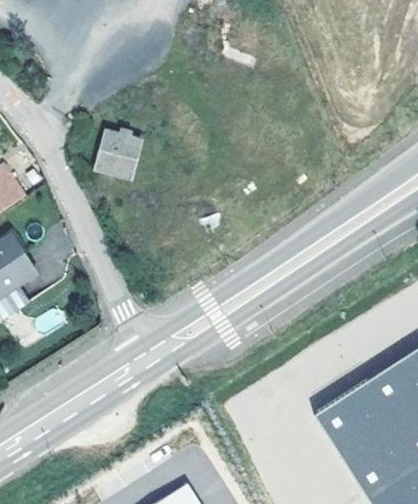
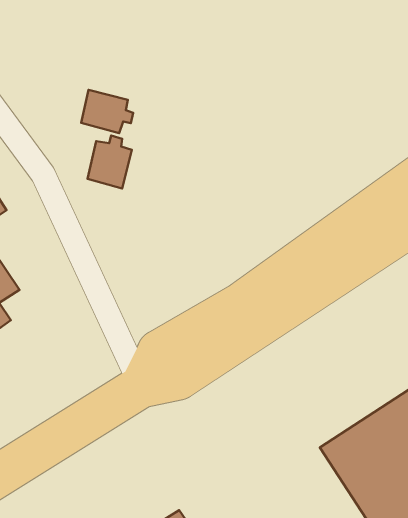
building: none -> [81,90,133,133]

